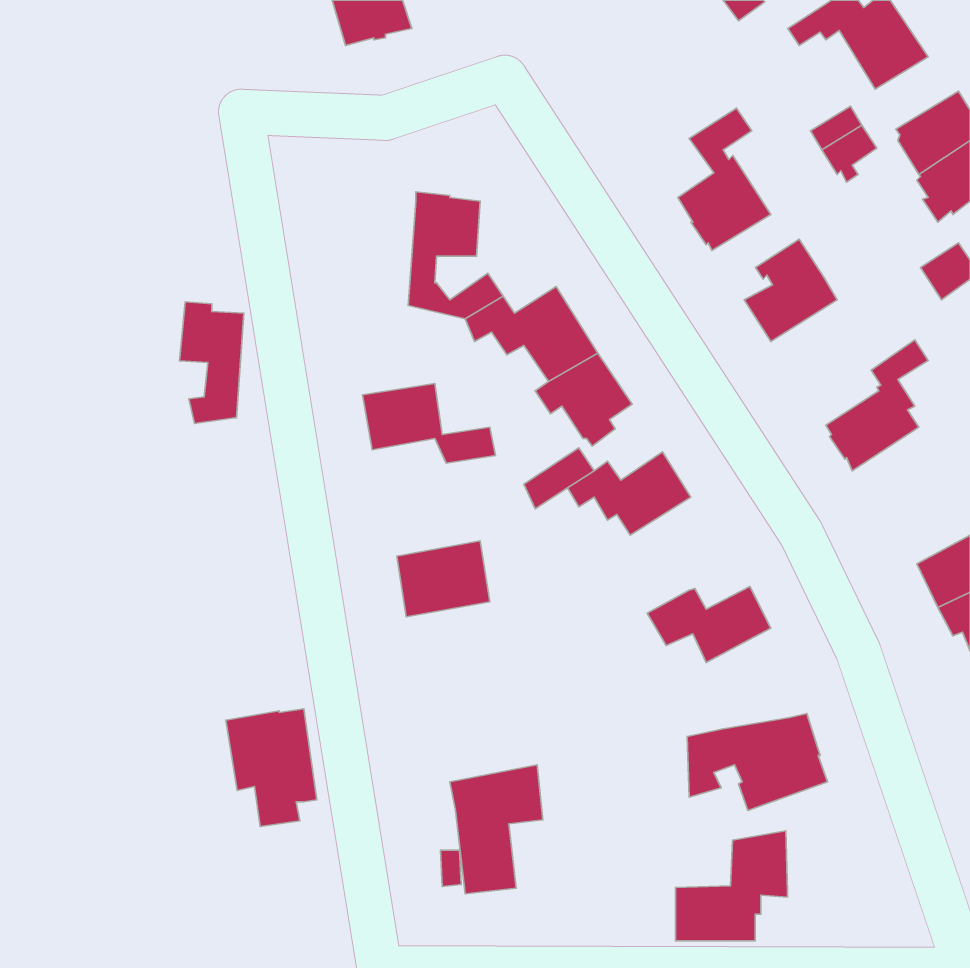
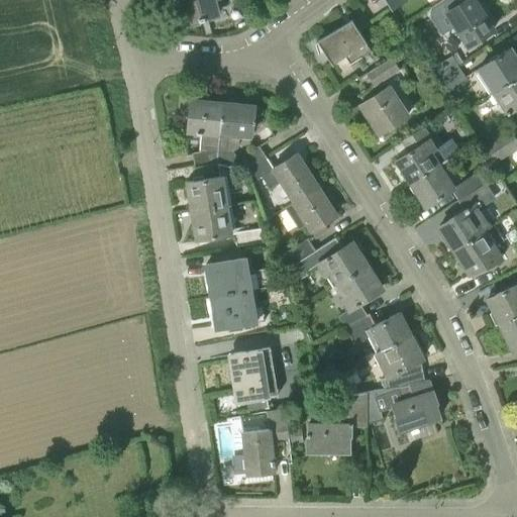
building: none -> [315,20,372,66]
building: none -> [410,159,487,207]
building: [179,302,244,423] -> [187,102,221,167]
building: none -> [188,176,231,211]
building: none -> [453,225,504,275]
building: none -> [206,258,271,297]
building: none -> [335,266,383,327]
building: none -> [374,335,423,389]
building: [226,709,317,826] -> [229,348,278,411]
building: [676,831,788,941] -> [307,393,367,451]

